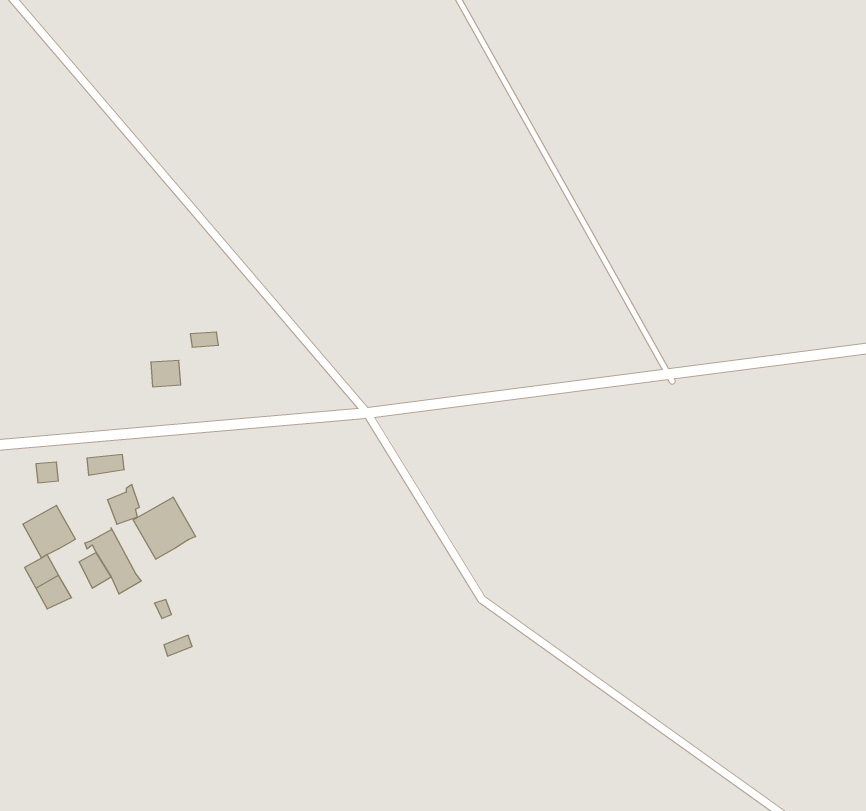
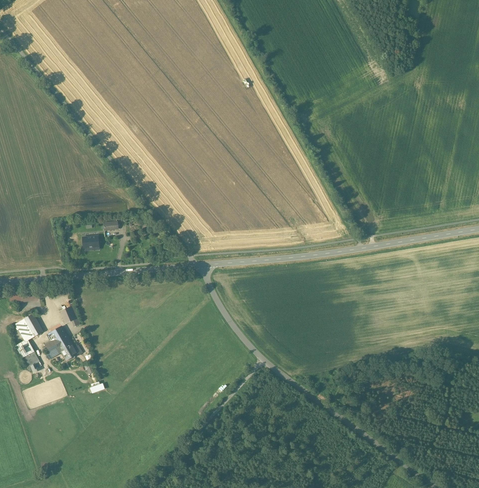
building: [133,497,196,559] -> none

